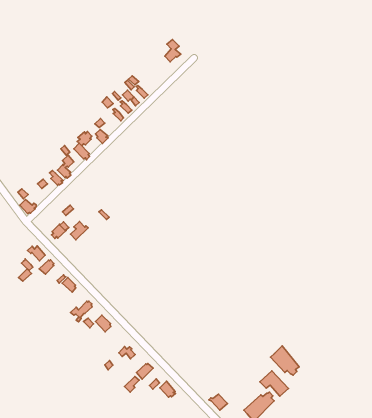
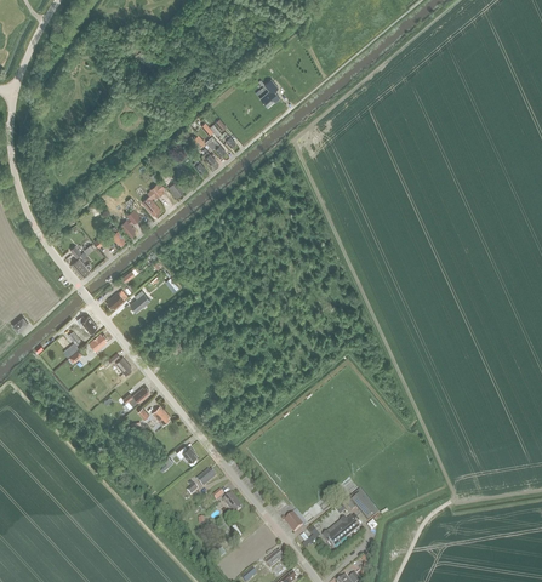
building: [270,346,299,375] -> none

